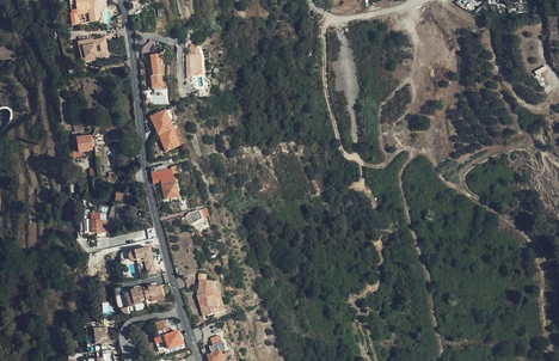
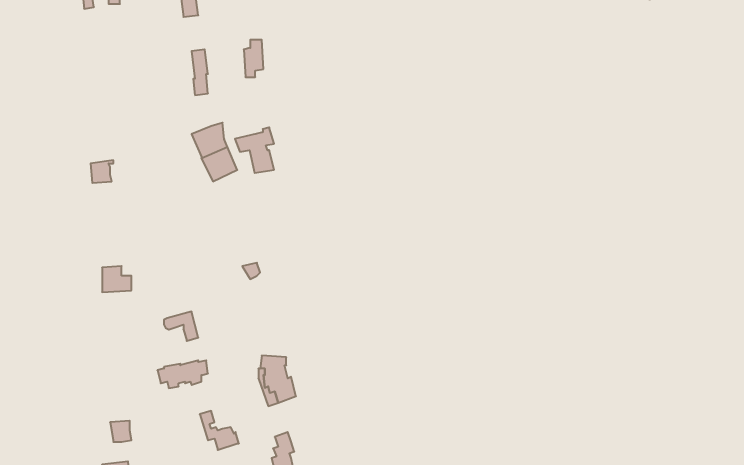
building: [75,36,105,62] -> none
building: [149,165,178,198] -> [235,127,274,173]

